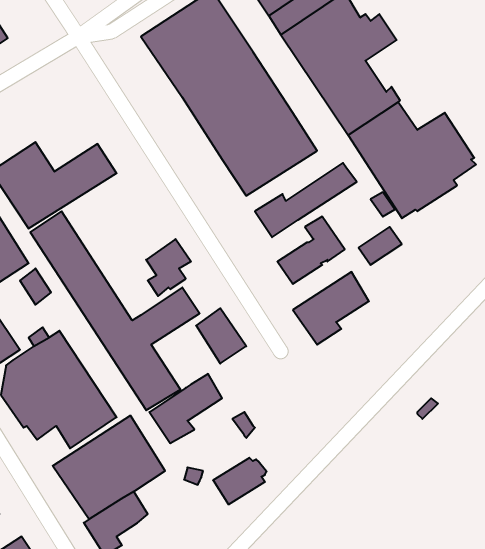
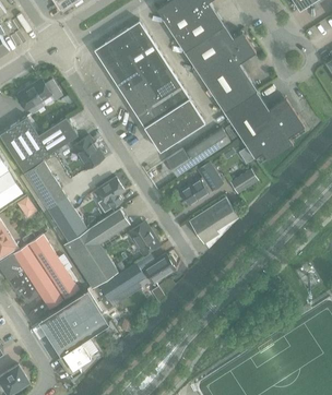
building: none -> [16,80,61,116]
building: none -> [72,136,103,170]
building: [213,458,267,504] -> [142,255,176,285]

